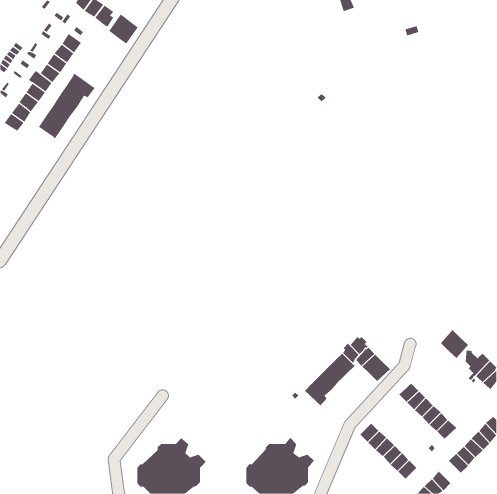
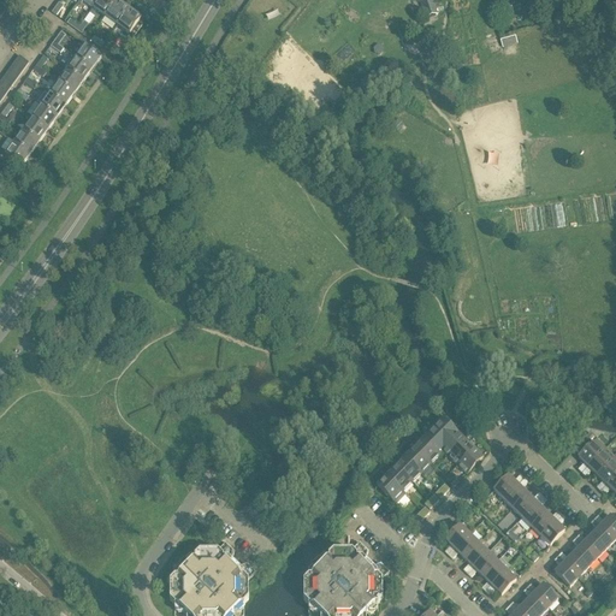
building: [108,14,139,45] -> none
building: [38,73,95,140] -> none
building: [440,329,469,359] -> none

